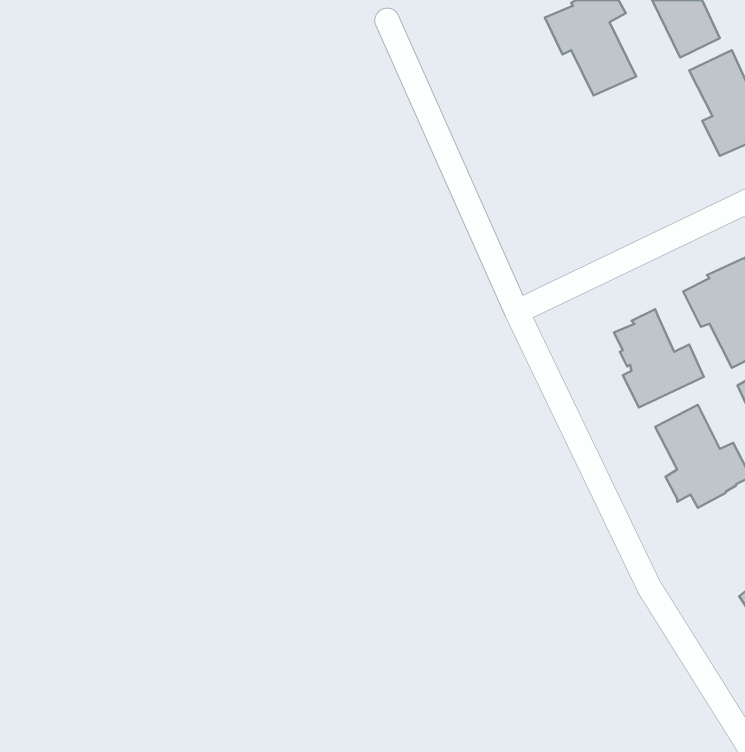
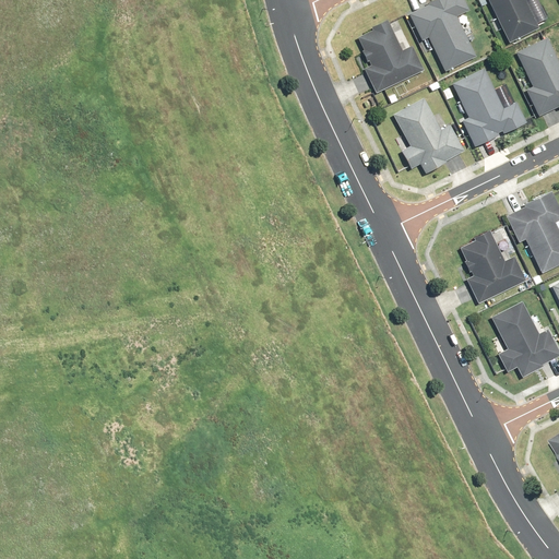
building: none -> [358,19,425,93]
building: none -> [452,68,527,146]
building: none -> [393,97,465,174]

